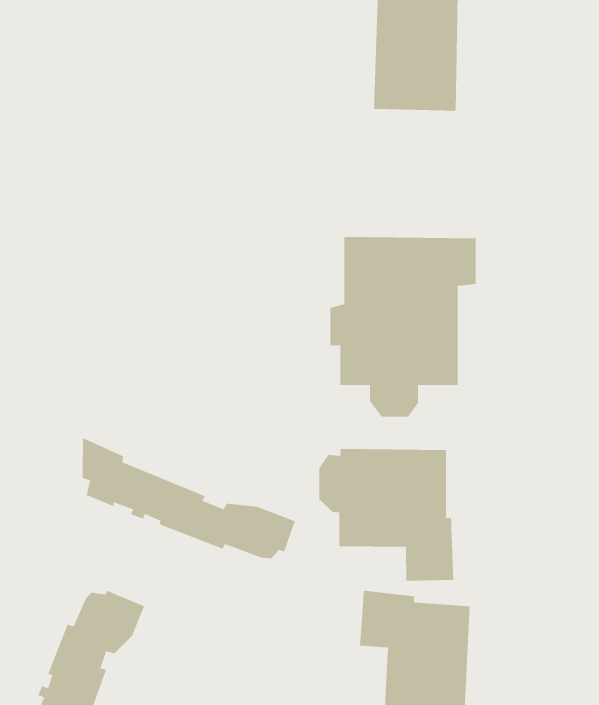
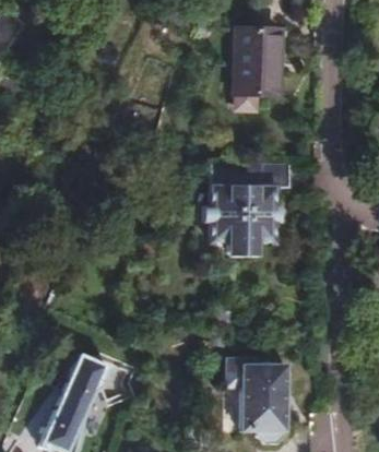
building: [82,437,296,559] -> none
building: [319,448,454,581] -> none

